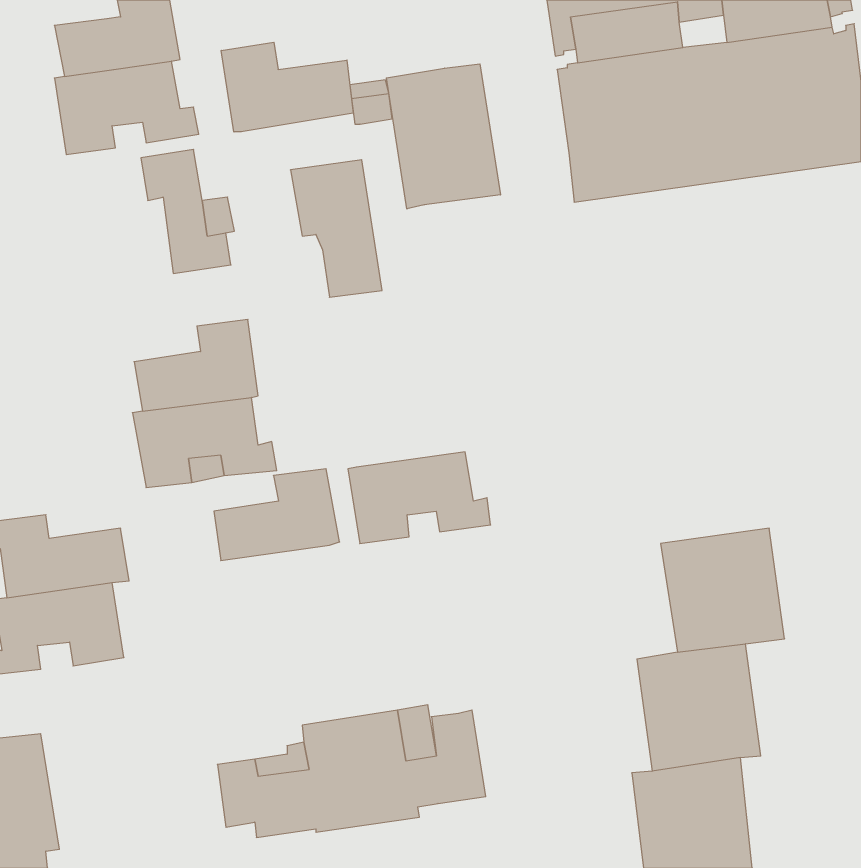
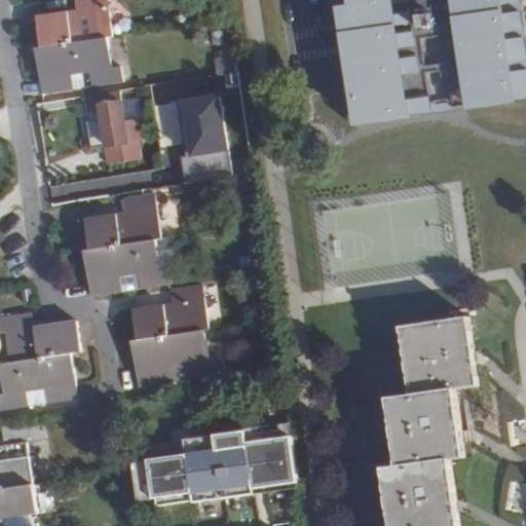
building: [221,42,353,132] -> none
building: [386,64,500,209] -> none
building: [348,452,491,544] -> [128,330,215,385]

